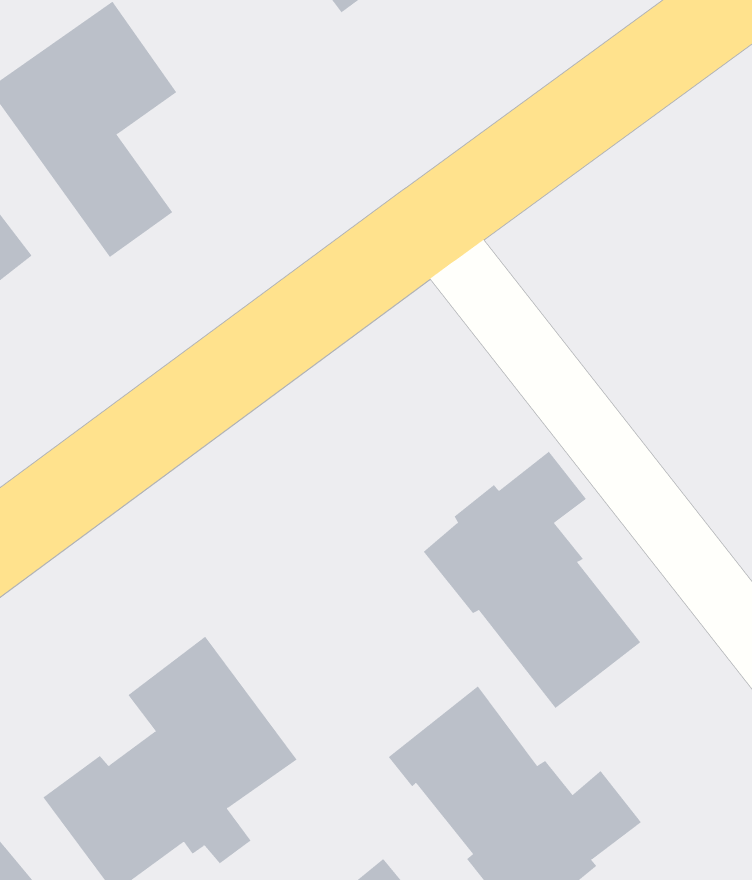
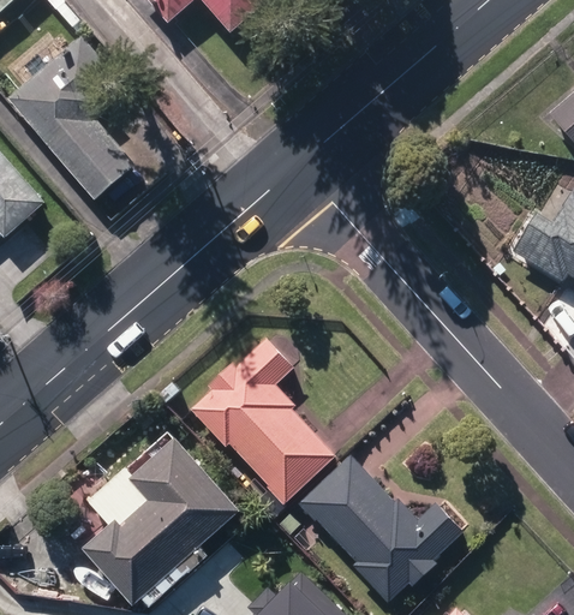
building: [423,451,641,709] -> [191,339,335,503]

